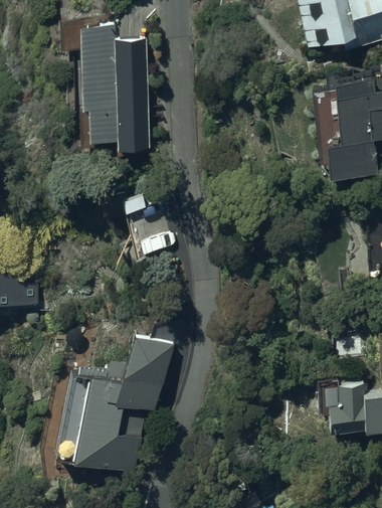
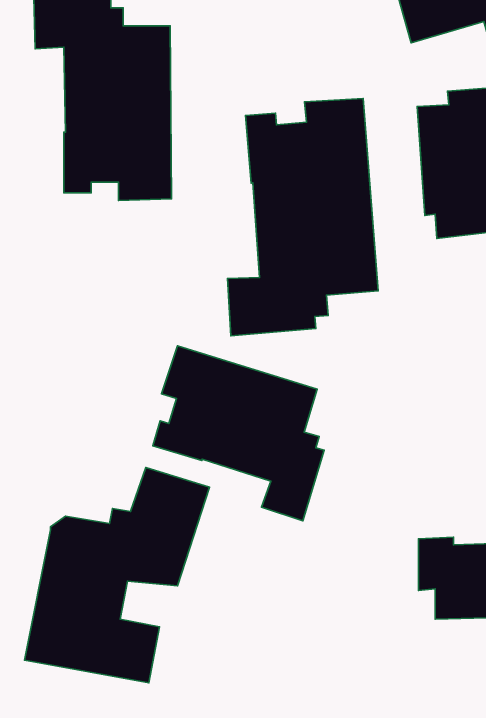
building: none -> [228,99,378,336]
building: none -> [153,346,324,521]

